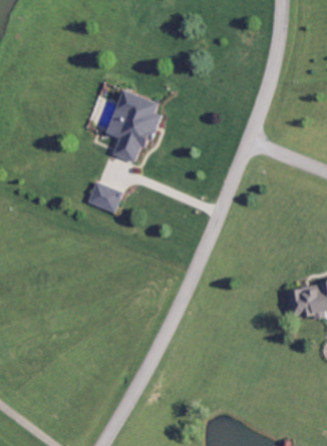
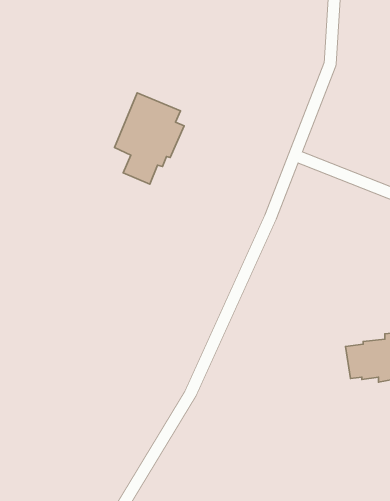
building: [87,181,121,212] -> none

